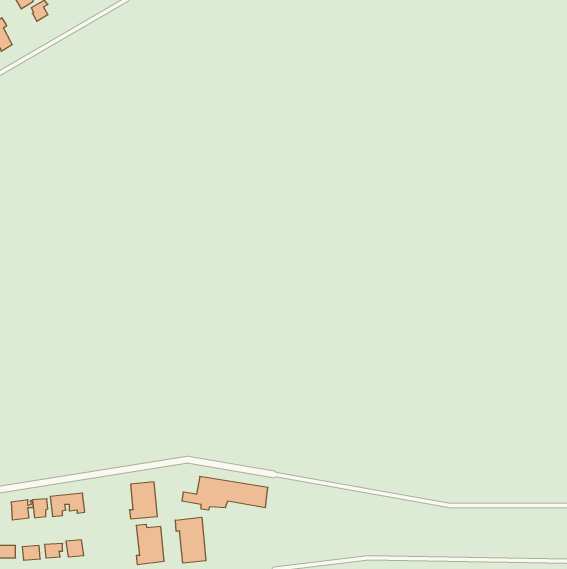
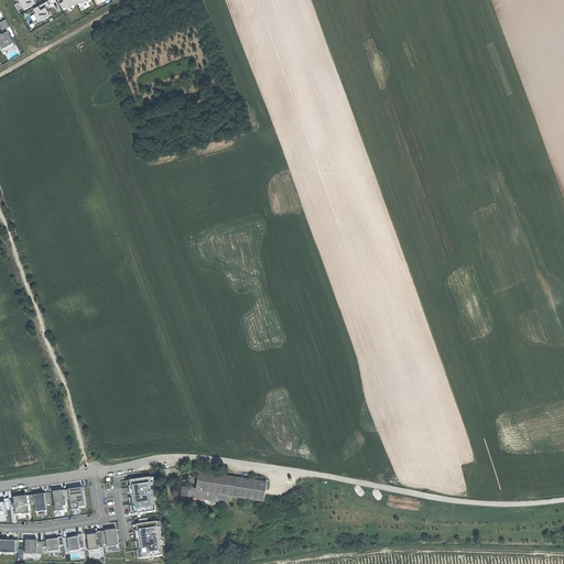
building: [175,517,206,563] -> none
building: none -> [85,528,117,547]

